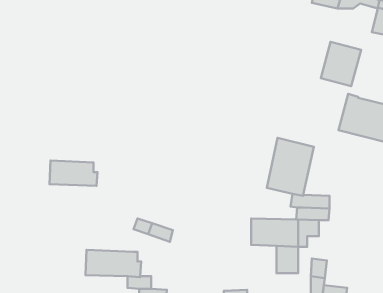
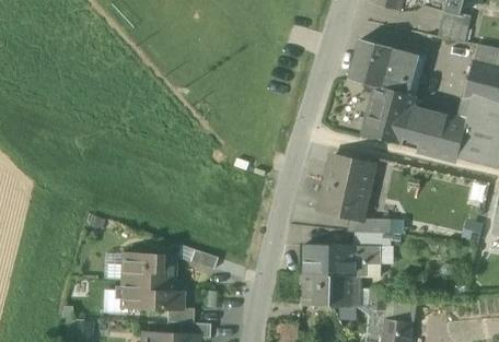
building: none -> [350,38,416,145]
building: [49,160,97,186] -> [120,252,174,281]
building: none -> [304,273,333,305]

